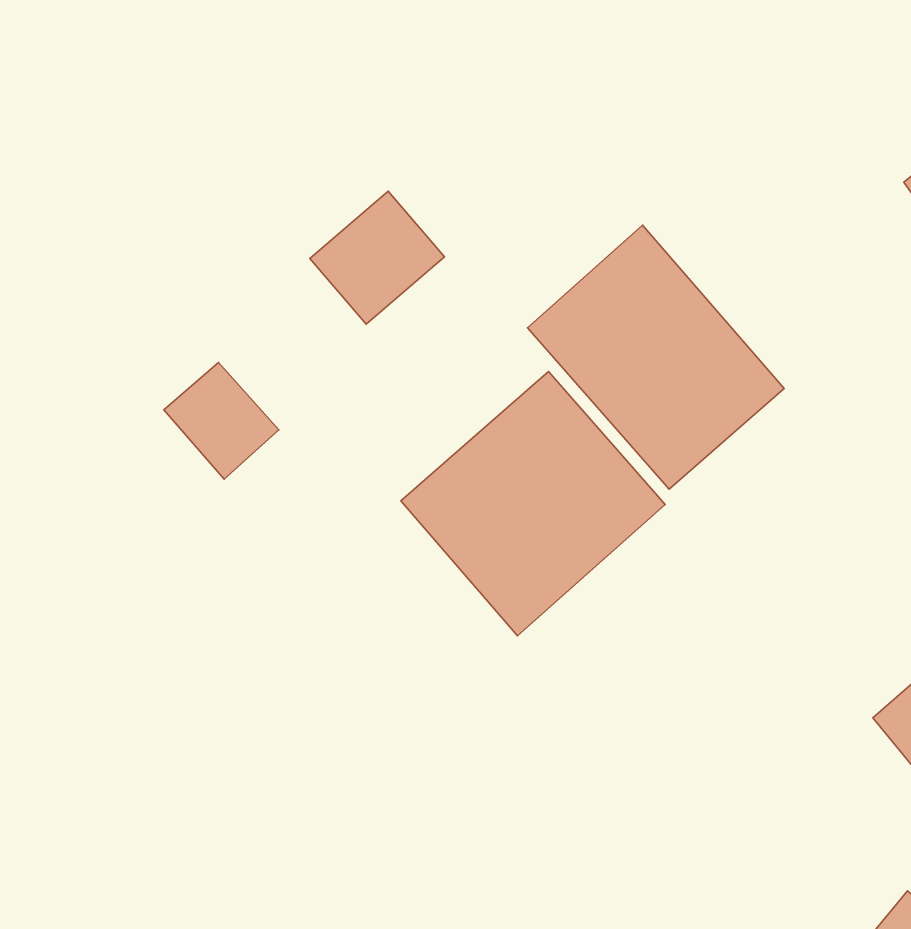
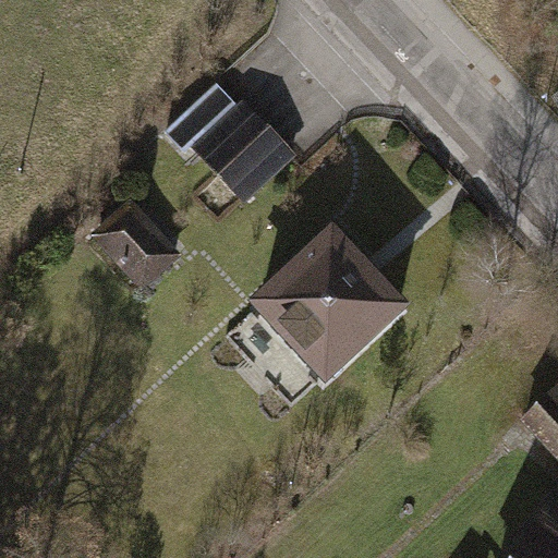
building: [527,225,784,489] -> none

